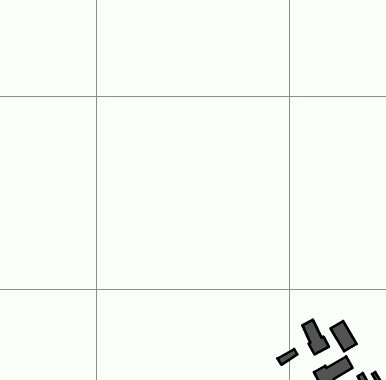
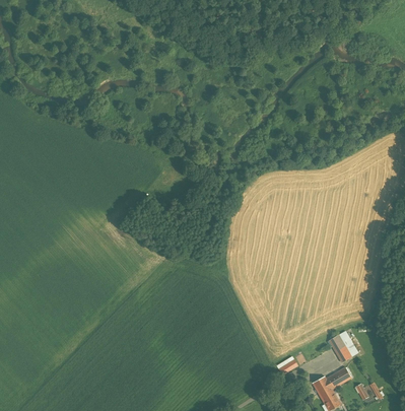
building: [302,320,329,354] -> none

